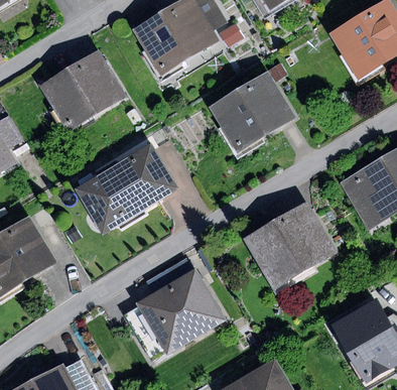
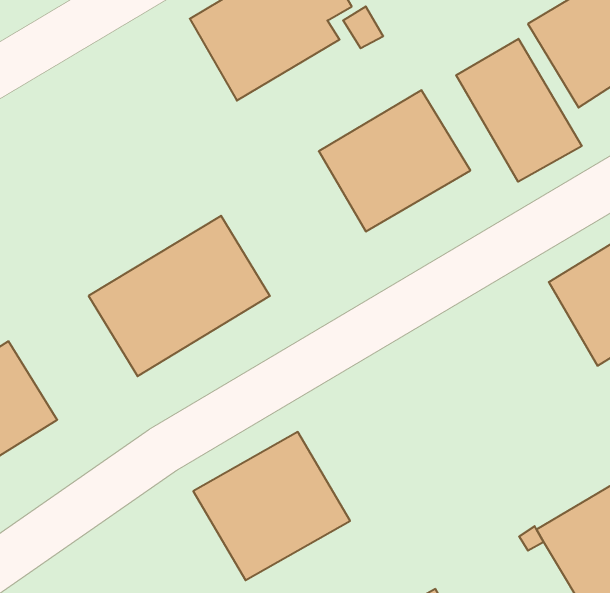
building: none -> [456,39,582,182]
building: [40,50,126,132] -> none
building: [244,202,337,289] -> none

